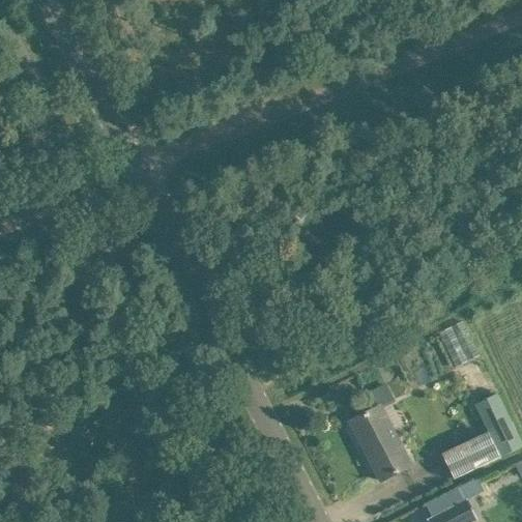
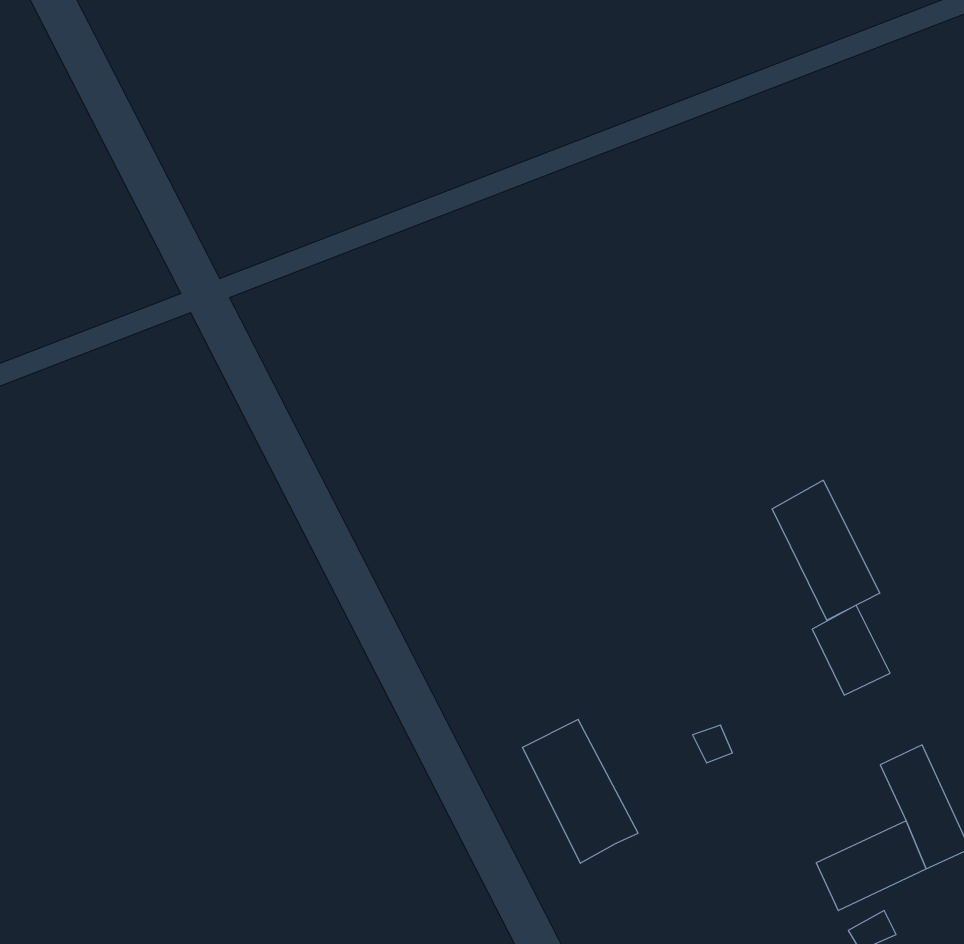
building: none -> [772,480,880,620]
building: [349,407,409,482] -> [522,719,638,863]

